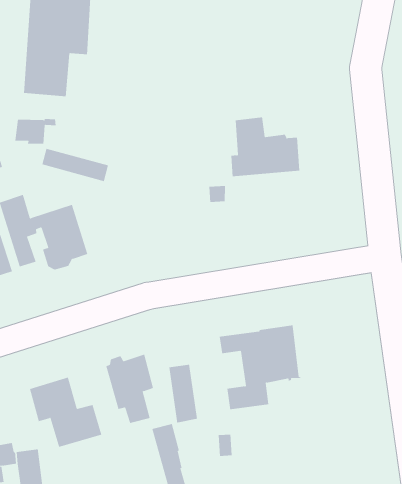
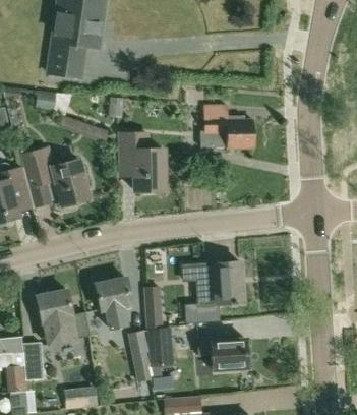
building: none -> [121,134,165,191]
building: none -> [146,328,173,367]
building: none -> [197,338,247,371]

